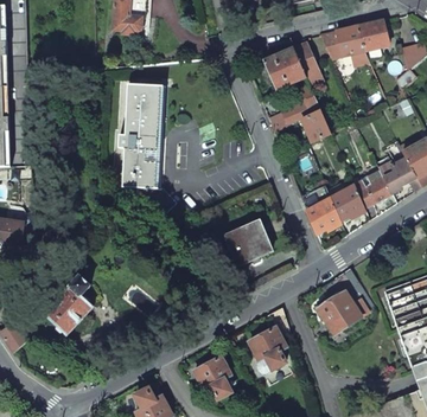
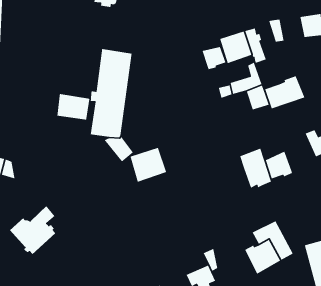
building: [334,25,364,56] -> none
building: none -> [202,46,227,70]
building: none -> [264,75,305,109]
building: none -> [56,93,90,120]
building: [353,171,391,207] -> none
building: [225,220,272,265] -> [129,147,167,183]

